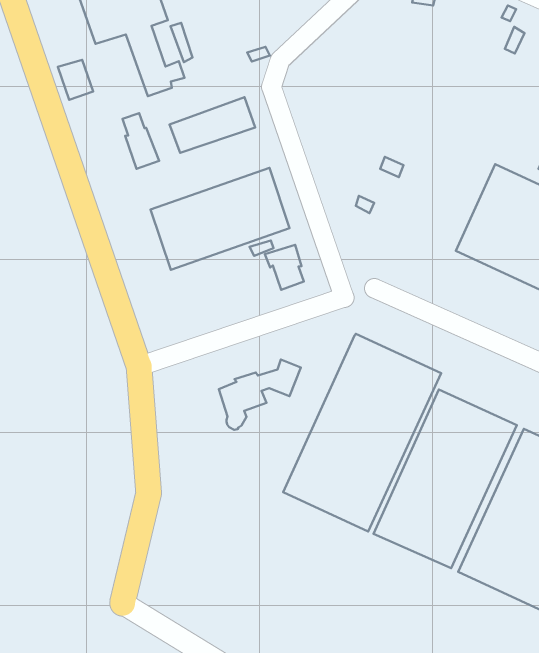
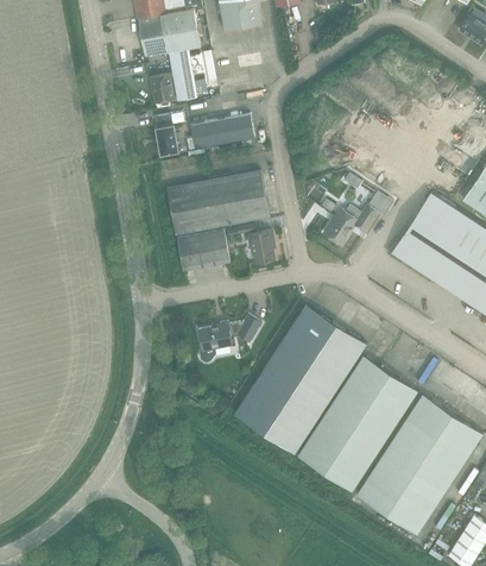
building: [58,60,93,100] -> [150,75,173,103]
building: none -> [323,190,391,246]
building: none -> [177,229,229,271]

